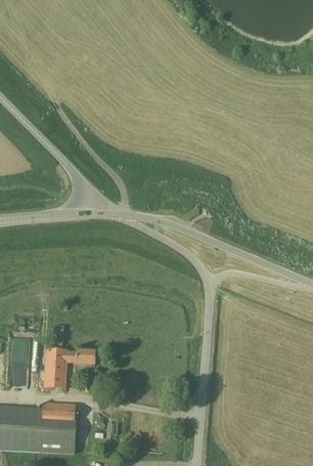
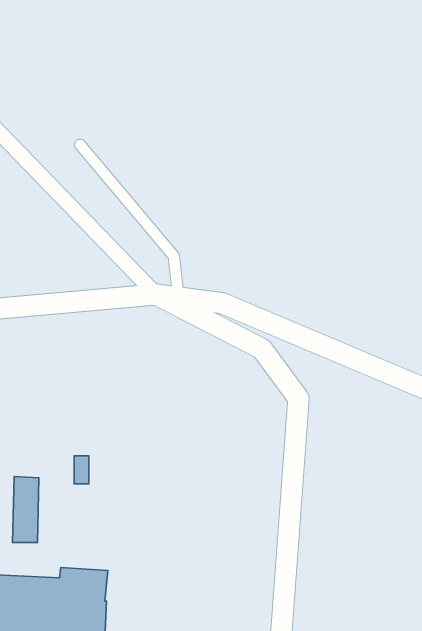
building: [43,348,94,389] -> none

